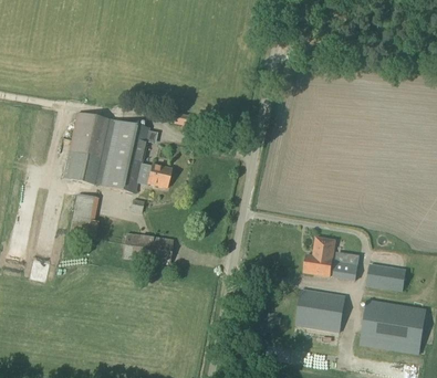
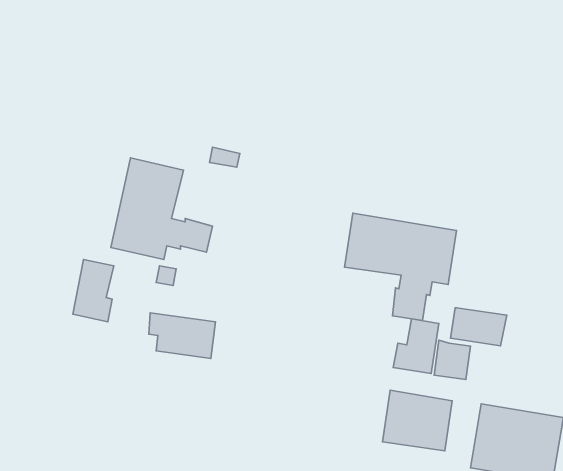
building: [62,111,111,183] -> none
building: none -> [344,213,457,321]
building: [365,263,406,291] -> [451,308,507,346]

